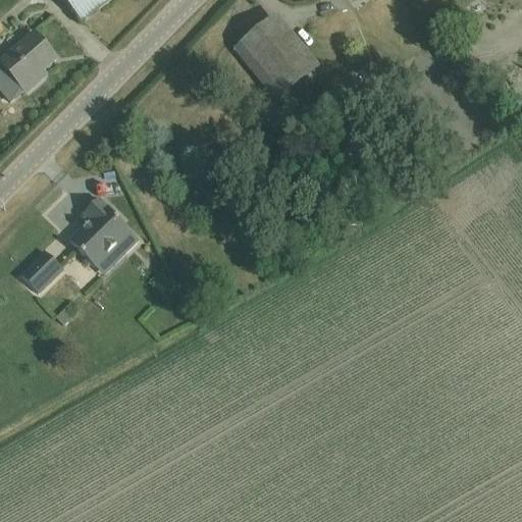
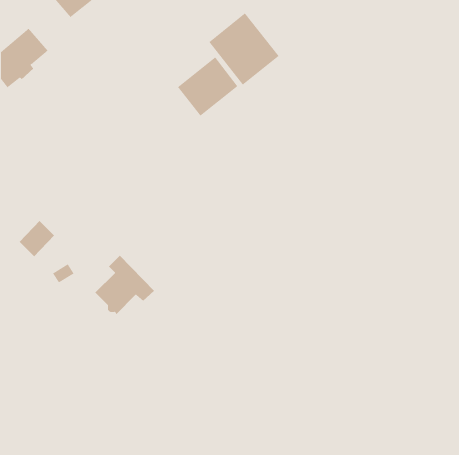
building: none -> [177,57,238,117]
building: [70,198,139,266] -> [95,255,155,315]

